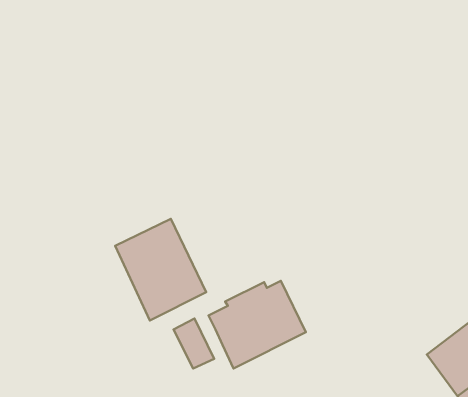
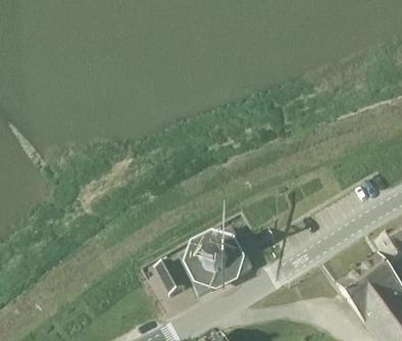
building: [115,219,206,321] -> none

